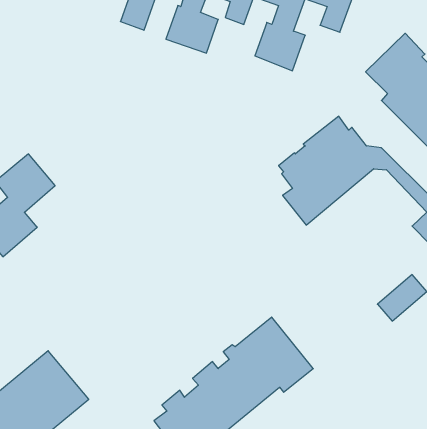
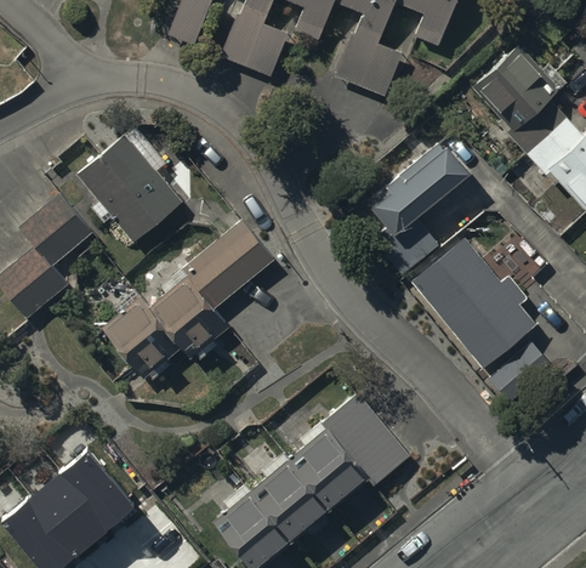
building: none -> [78,136,183,244]
building: none -> [102,216,273,374]
building: none -> [409,238,534,370]

